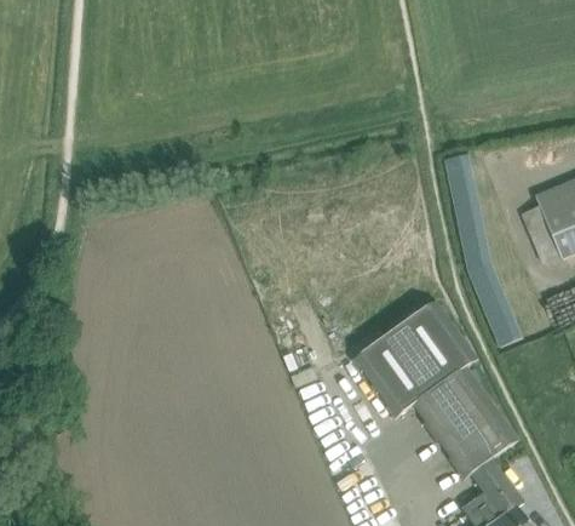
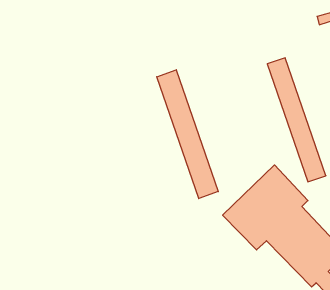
building: none -> [157,70,218,199]

